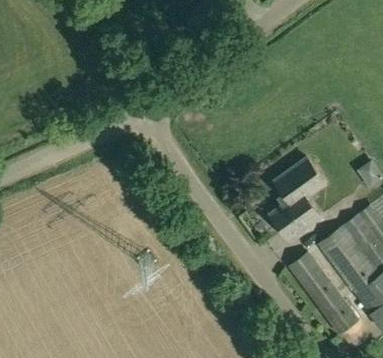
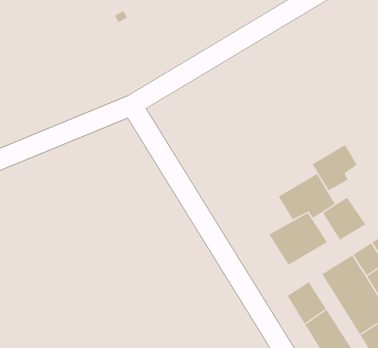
building: none -> [312,144,357,191]
building: none -> [322,197,366,240]

